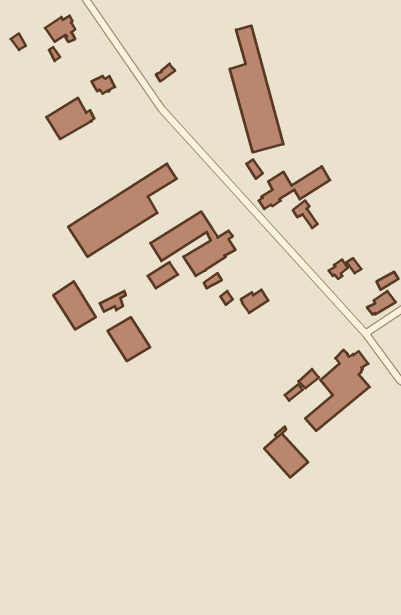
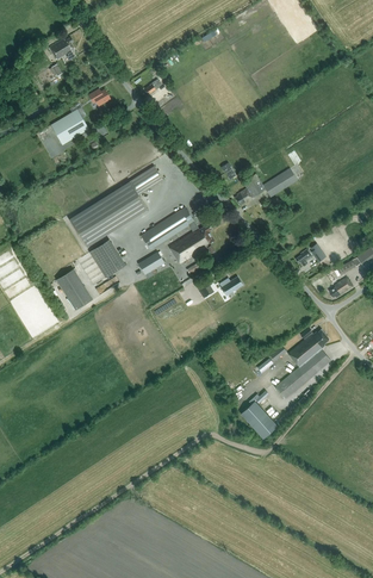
building: [230,26,283,152] -> none
building: [108,317,150,361] -> [89,240,126,278]

